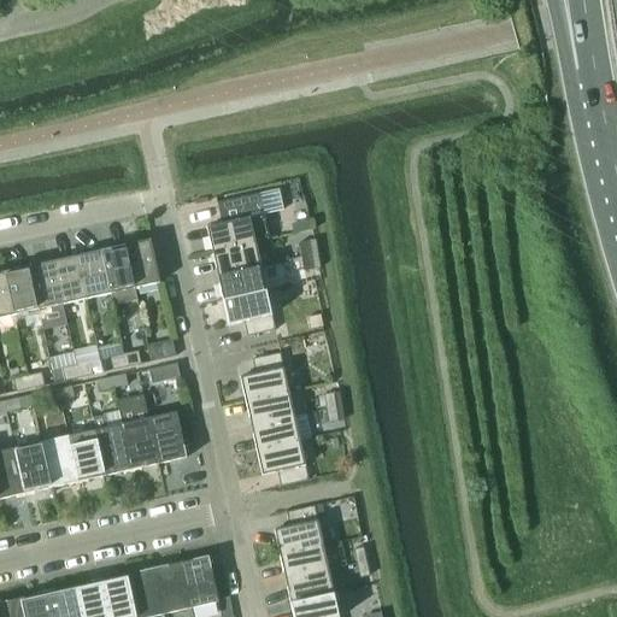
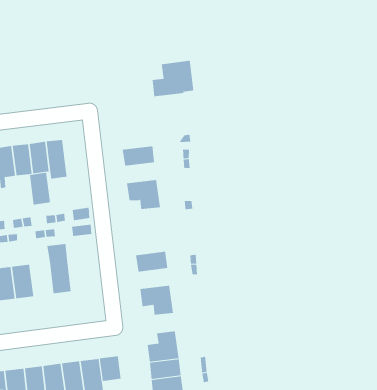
building: [207,193,270,251] -> [152,60,194,97]
building: [125,239,160,288] -> [29,172,51,205]
building: [218,265,266,299] -> none
building: [241,352,289,401] -> none
building: [149,411,187,463] -> none
building: [93,415,133,475] -> none
building: [252,416,300,449] -> none
building: none -> [99,356,121,382]

